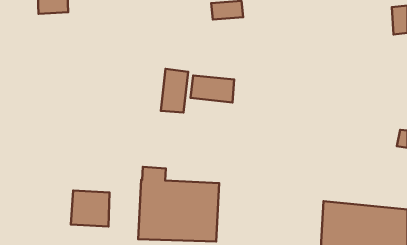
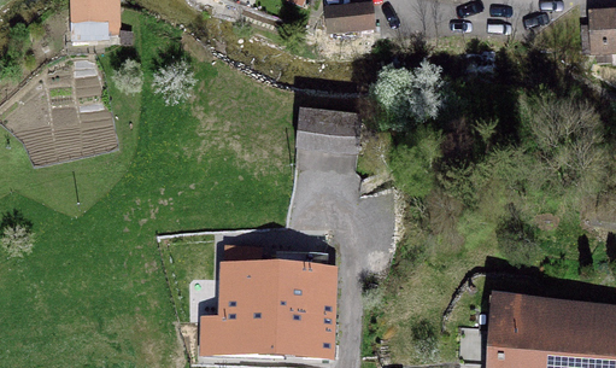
building: [161,69,188,112] -> none
building: [71,190,109,227] -> none

